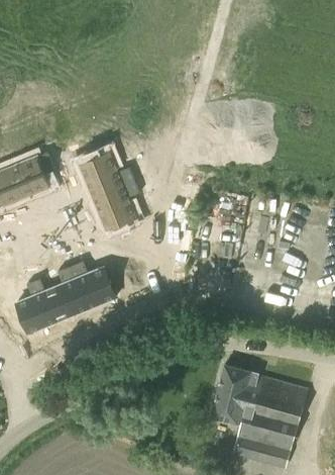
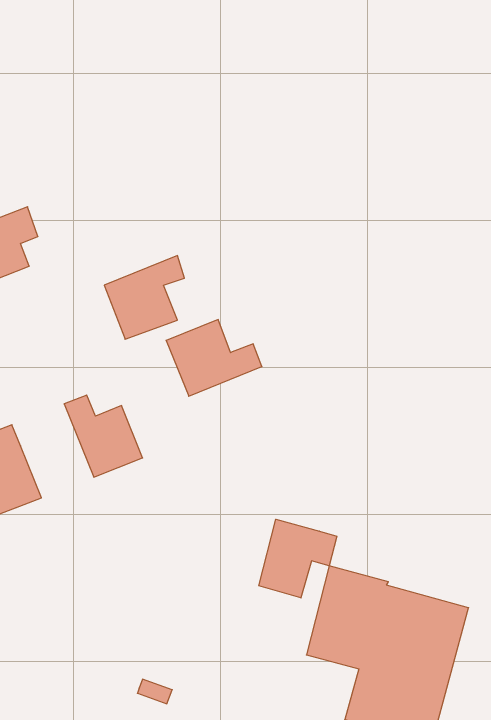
building: [81,157,136,201] -> [166,320,262,396]
building: [45,270,88,324] -> none
building: none -> [259,519,337,598]

